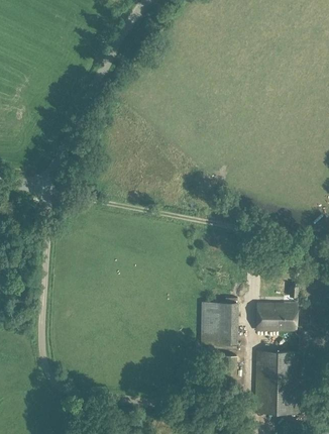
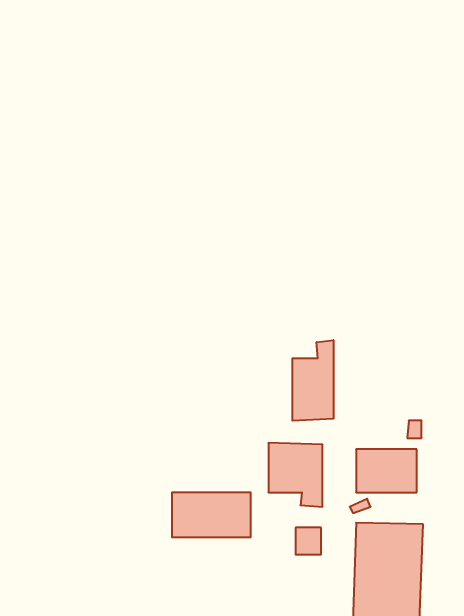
building: none -> [292,340,333,421]
building: none -> [172,492,251,537]

